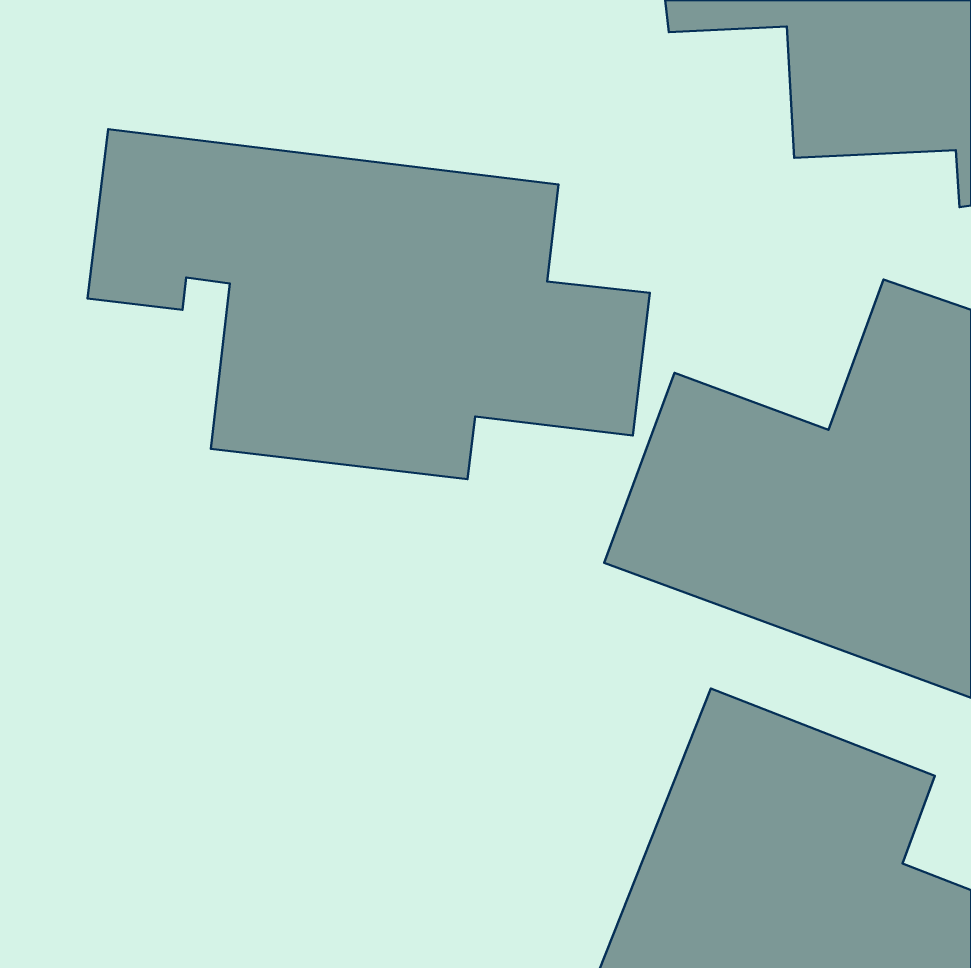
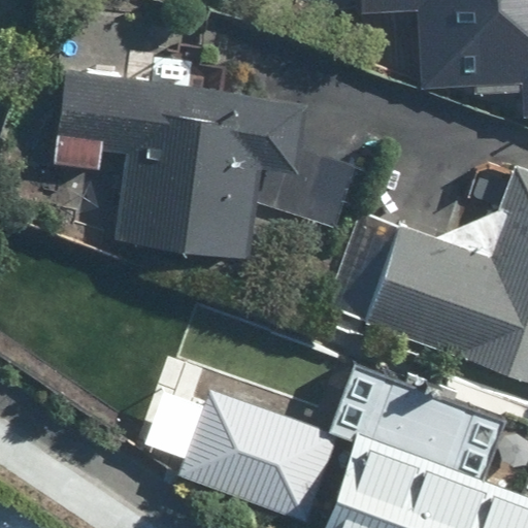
building: none -> [179,381,342,508]

